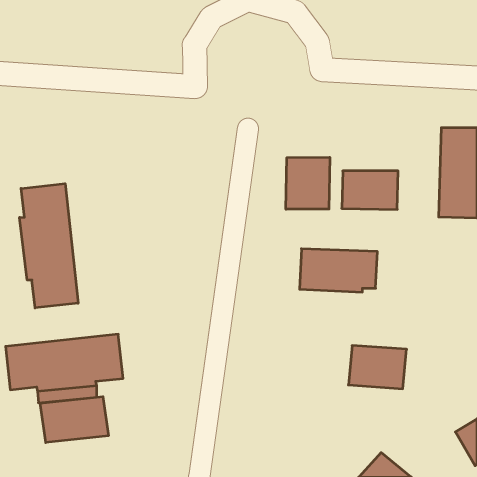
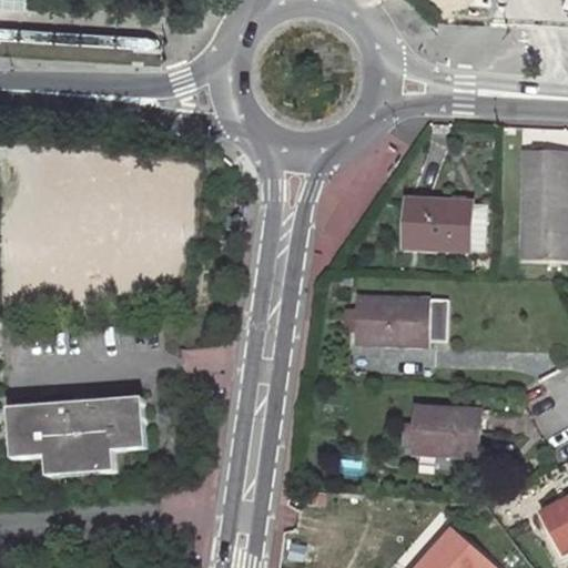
building: [286,157,330,209] -> none
building: [20,184,78,308] -> none
building: [40,397,108,443] -> none

